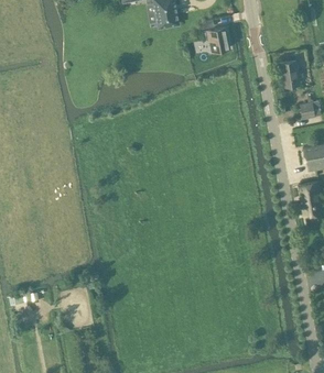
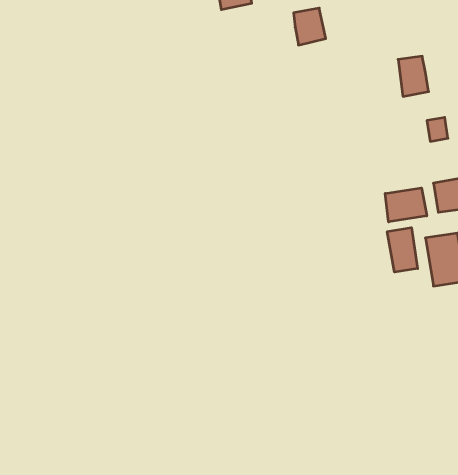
building: none -> [385,188,427,222]
building: none -> [387,228,418,272]

